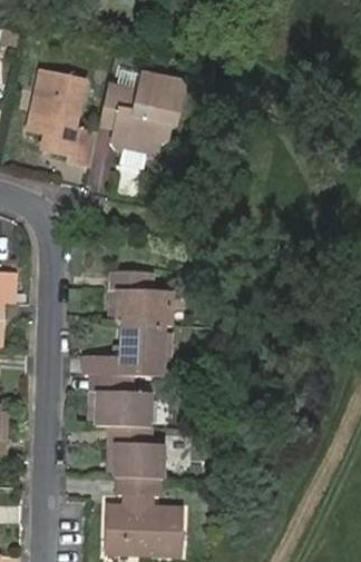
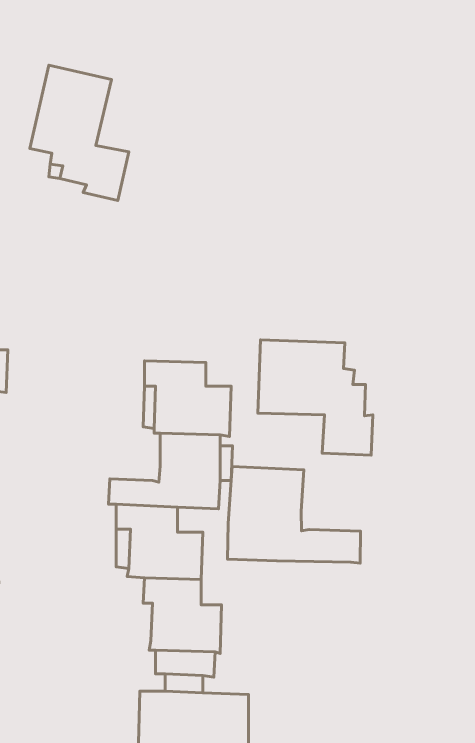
building: [101,70,185,165] -> none
building: none -> [258,340,373,455]
building: none -> [227,466,360,563]

